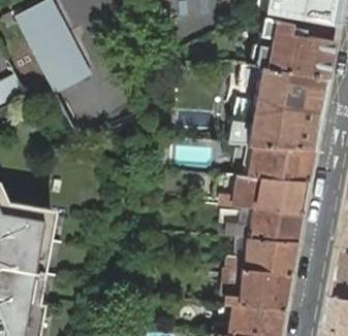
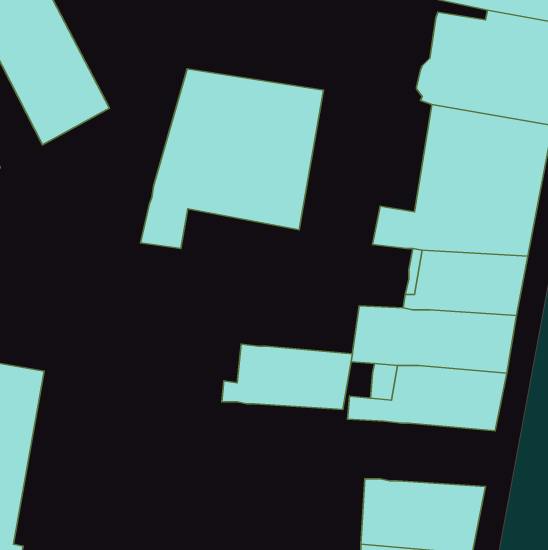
building: none -> [141,69,323,249]
building: [223,237,293,272] -> [222,344,352,410]

